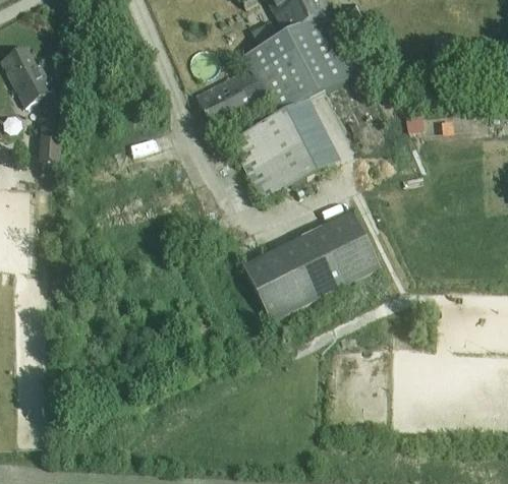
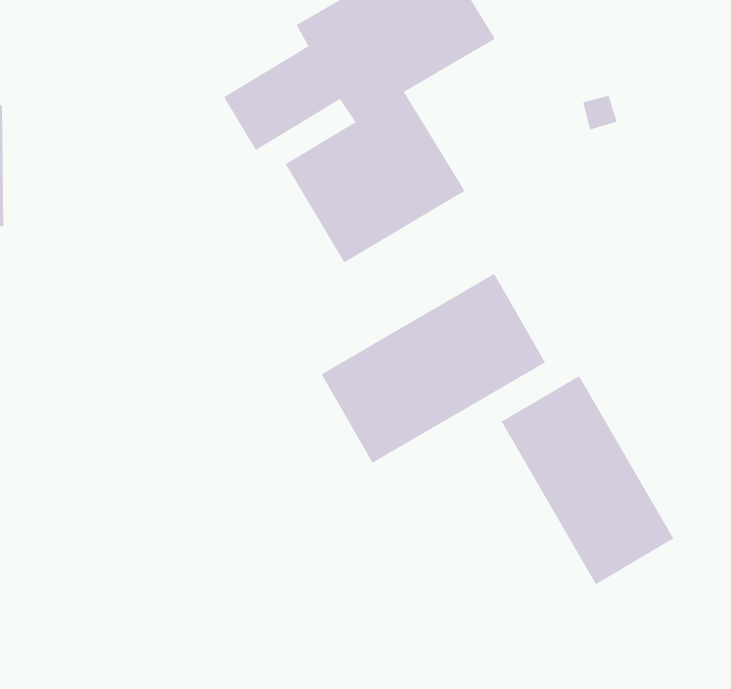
building: none -> [501,375,674,585]

